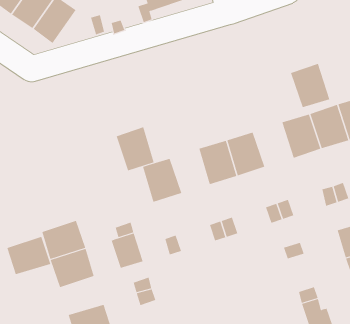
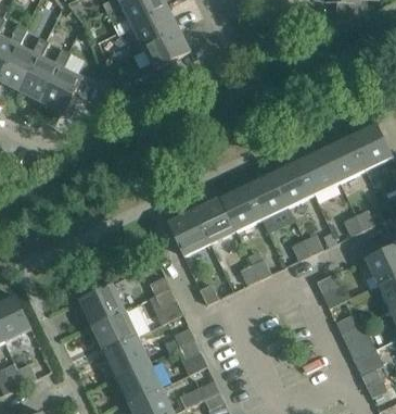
building: [290,63,330,108] -> [271,160,314,205]
building: [116,127,155,171] -> [194,197,235,242]
building: [7,236,51,275] -> [104,335,150,376]

